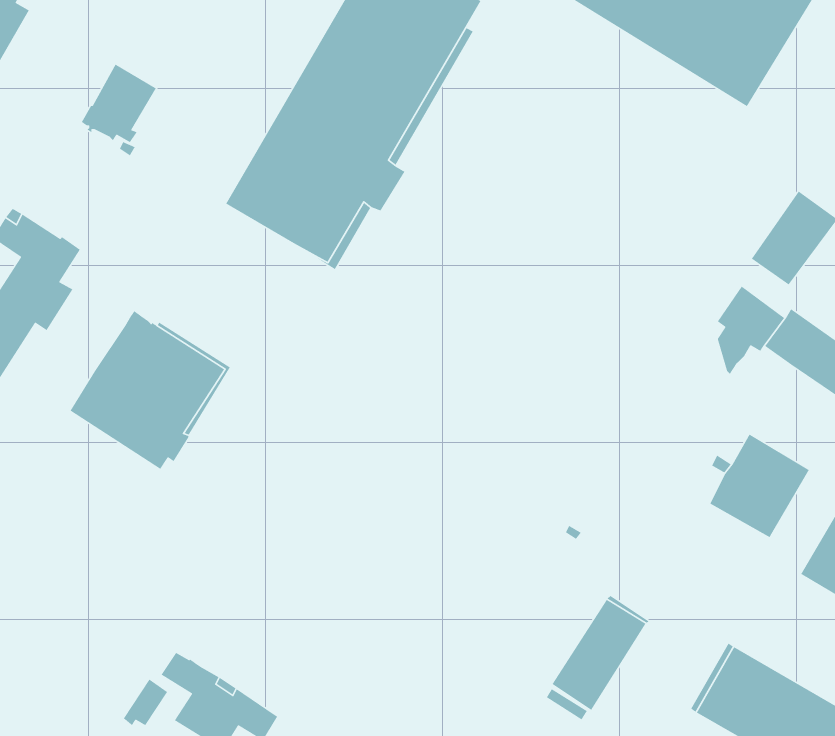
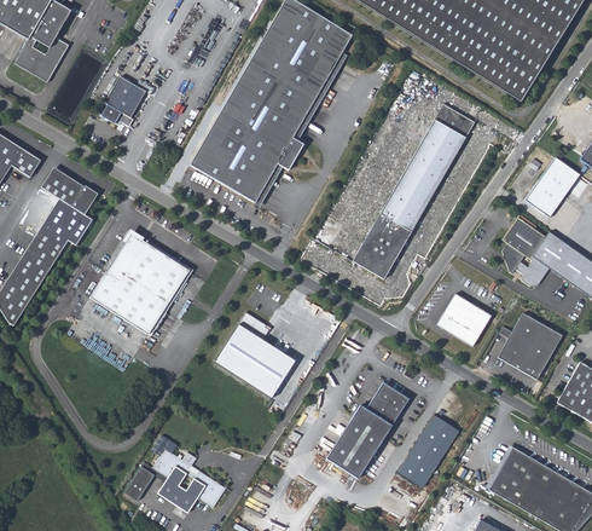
building: none -> [353,103,475,278]
building: none -> [516,255,550,285]
building: none -> [437,293,491,345]
building: none -> [215,311,296,398]
building: none -> [326,382,408,478]

